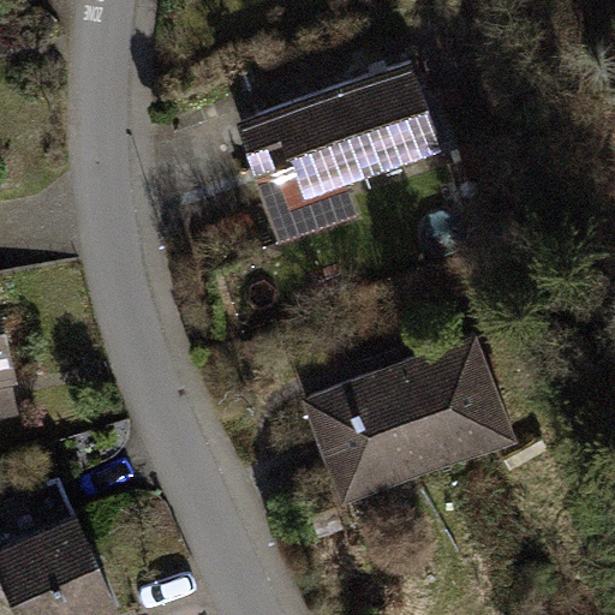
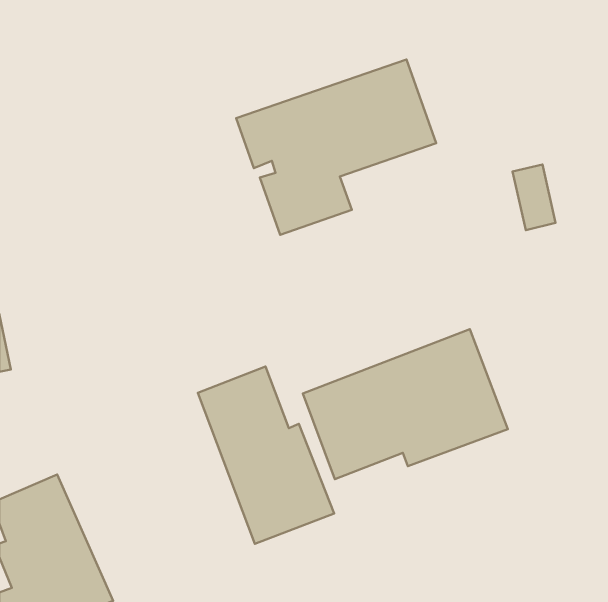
building: none -> [198,367,334,544]

